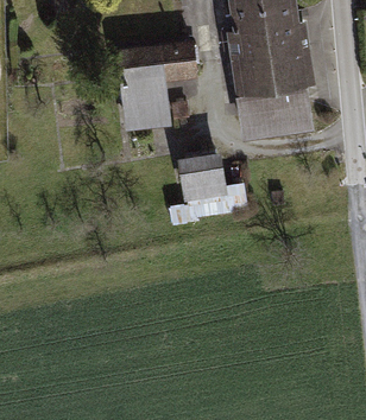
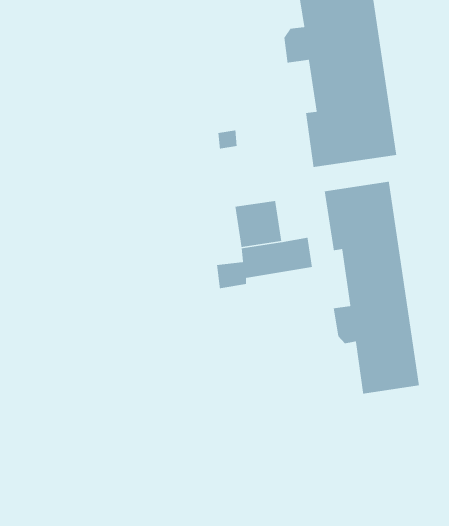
building: [120,45,196,126] -> none
building: none -> [324,181,420,394]

